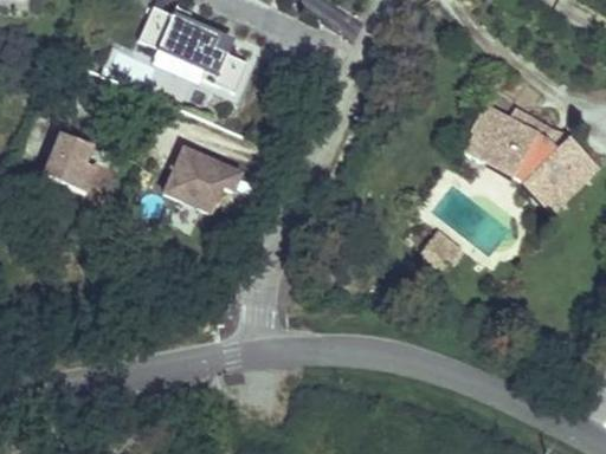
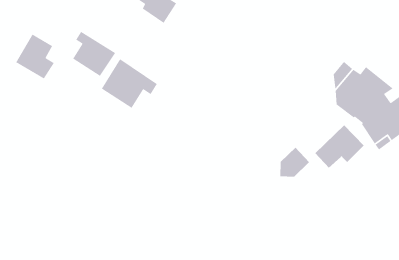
building: none -> [72,31,116,77]
building: none -> [314,124,364,168]

